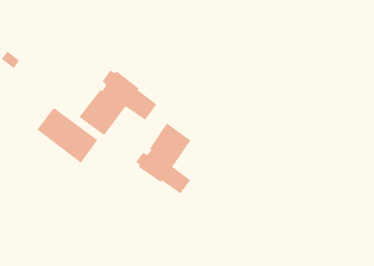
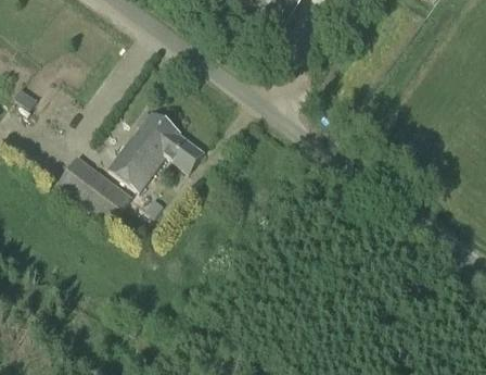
building: [135,123,191,194] -> none

